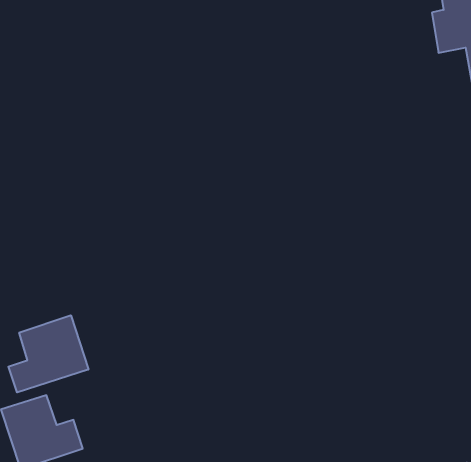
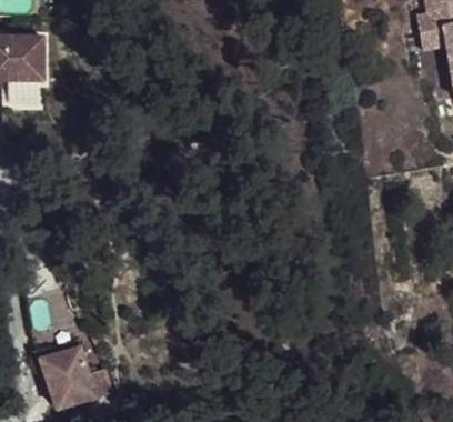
building: [8,315,88,392] -> none

